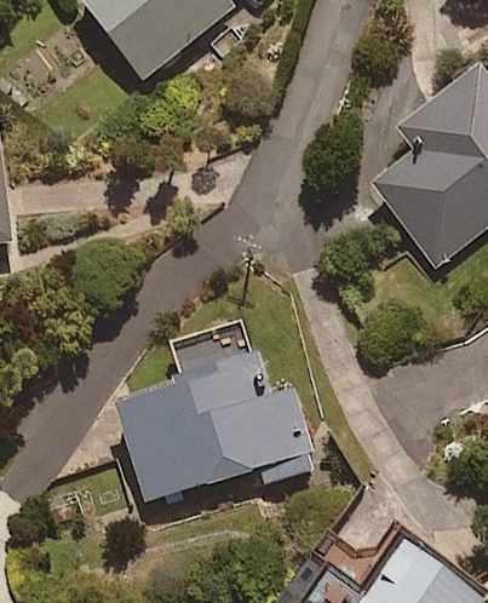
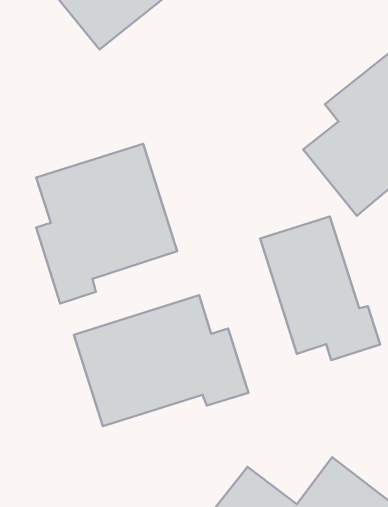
building: none -> [36,144,177,304]
building: none -> [260,216,380,360]

